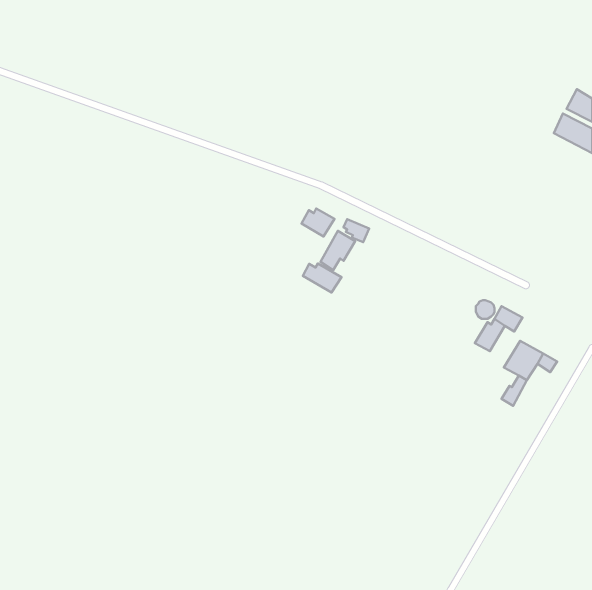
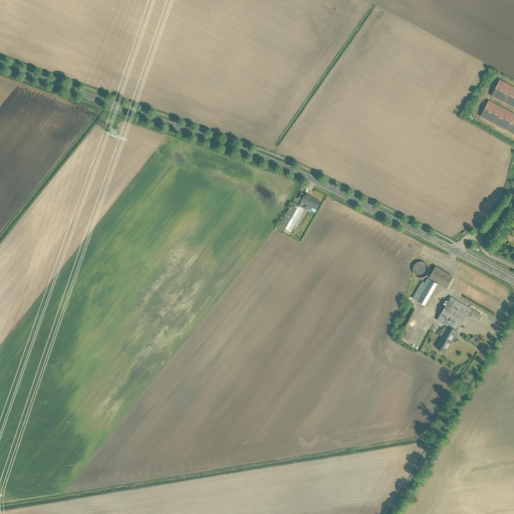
building: [302,209,335,236] -> none
building: [303,264,342,293] -> none

